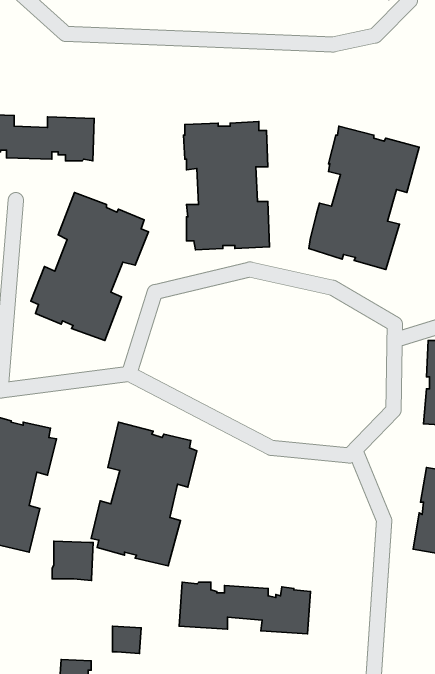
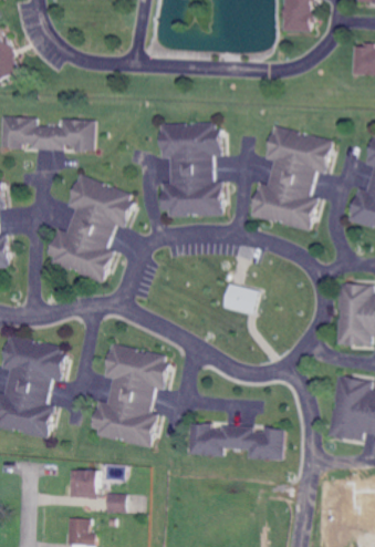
building: none -> [222,280,258,311]
building: [52,541,93,580] -> [70,468,100,497]
building: [179,582,311,634] -> [187,422,283,460]

